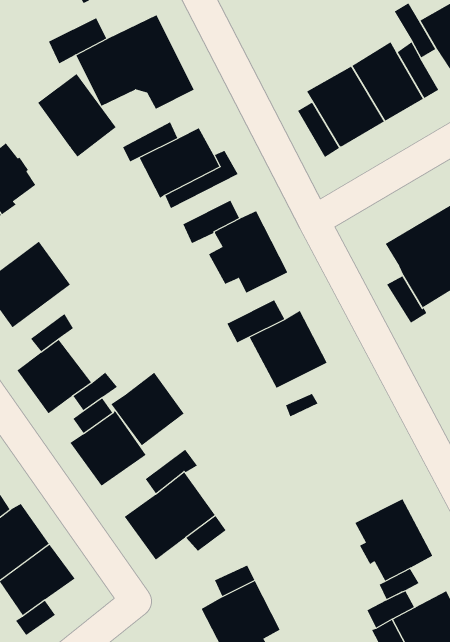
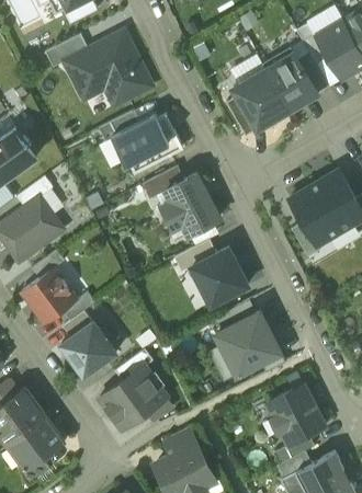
building: [38,73,117,157] -> none
building: [110,372,185,446] -> none
building: none -> [216,312,280,375]

